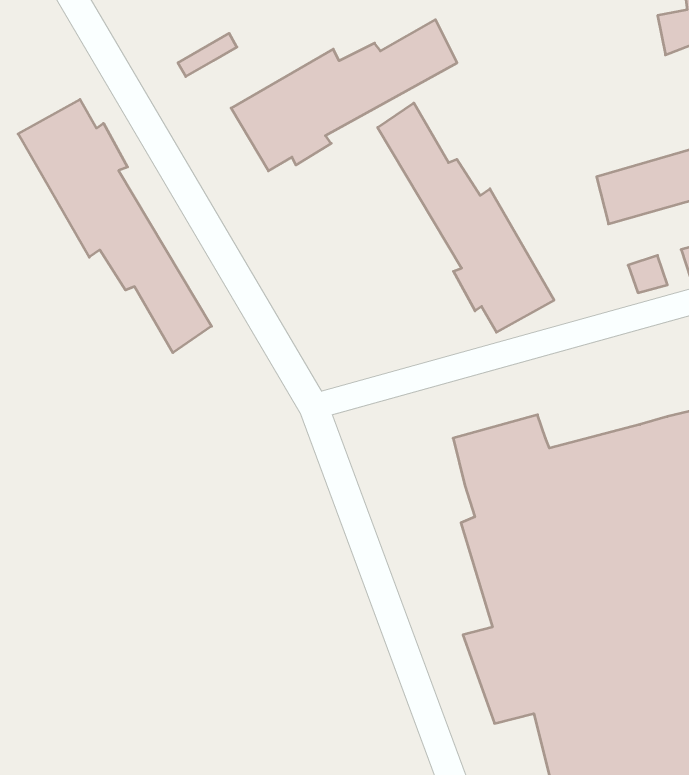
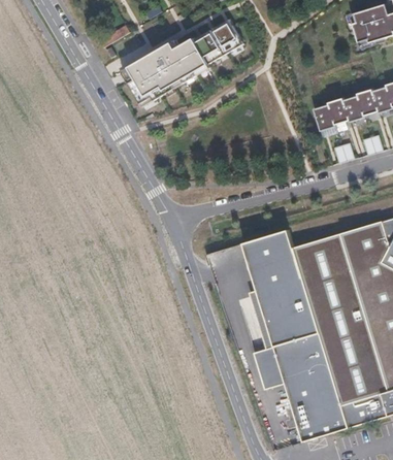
building: [18,99,212,353] -> none
building: [378,103,554,332] -> none

